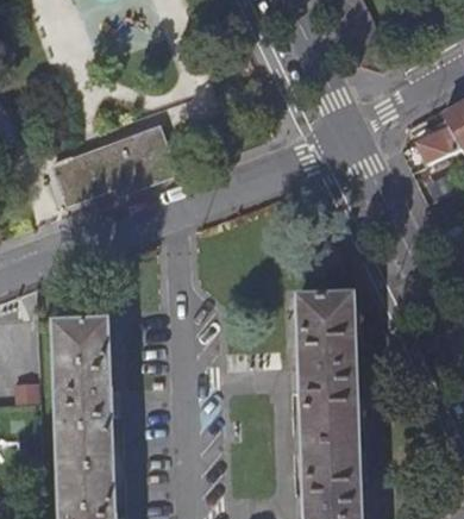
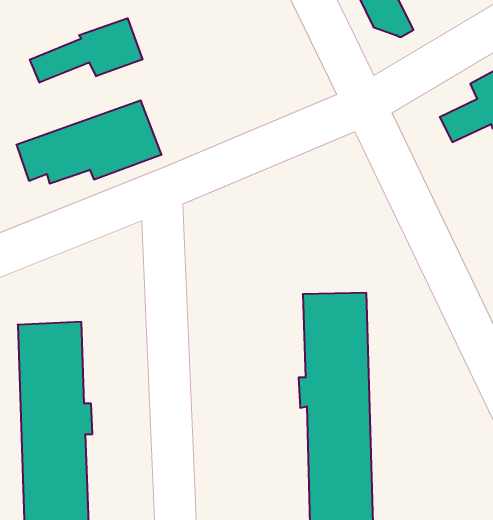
building: none -> [30,18,142,83]

